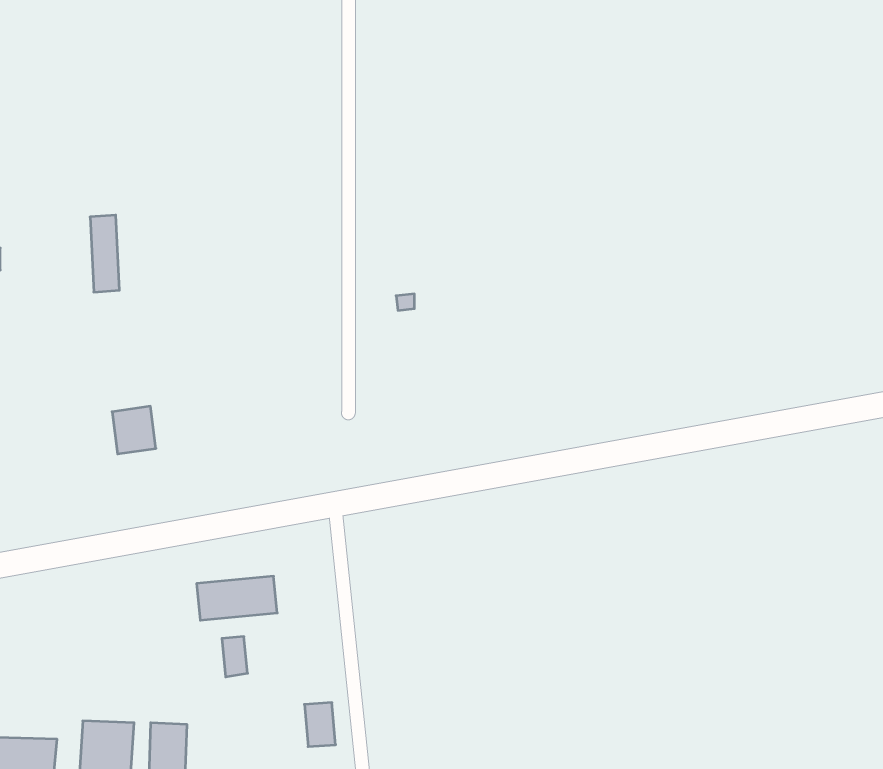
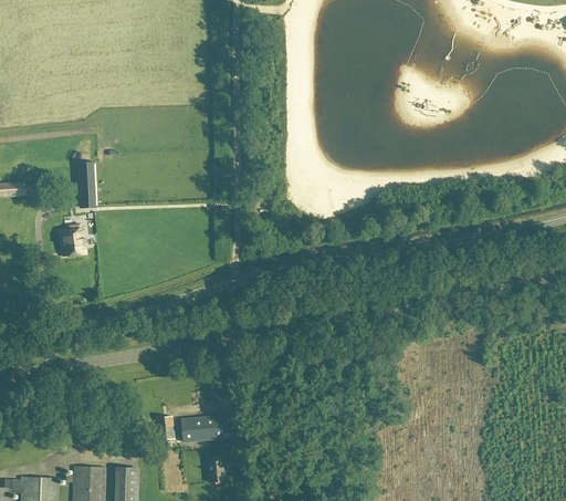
building: [112,406,156,454] -> [59,228,85,257]
building: [197,576,277,620] -> [180,415,229,441]

